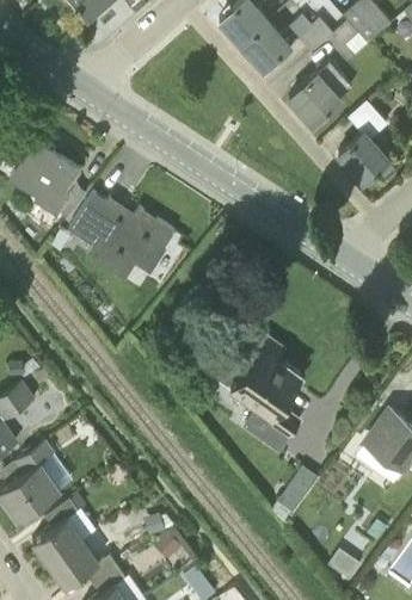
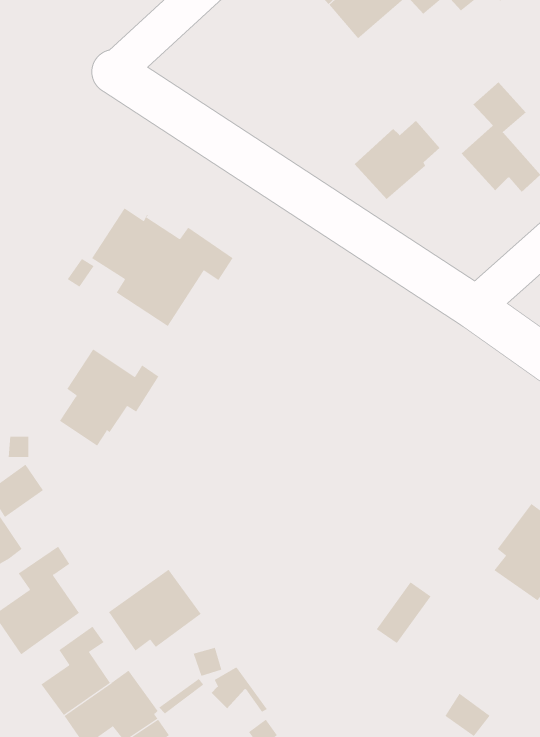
building: [289,68,352,126] -> [354,120,441,200]
building: [18,146,86,219] -> none
building: none -> [59,348,159,446]
building: [220,338,302,451] -> none
building: none -> [108,569,202,652]

